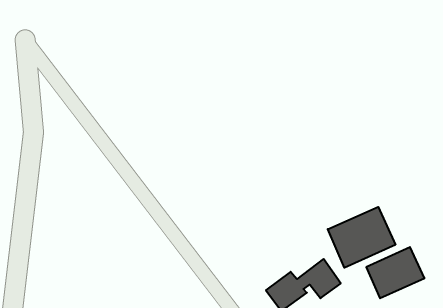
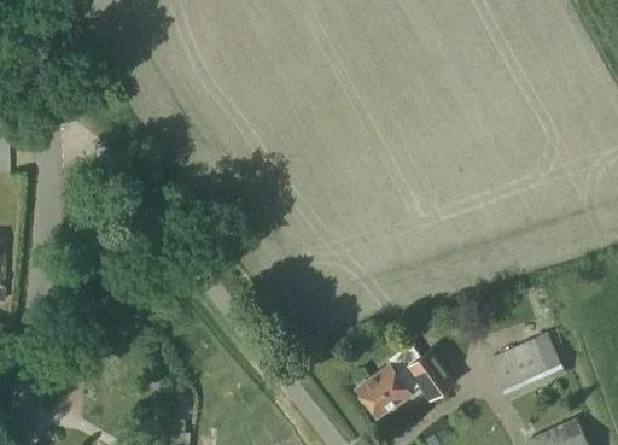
building: [328,207,395,268] -> none

